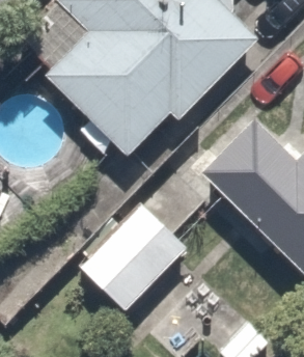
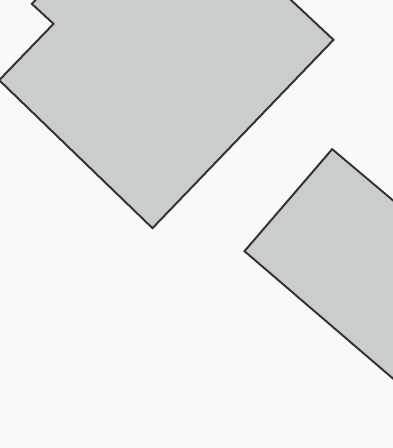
building: [61,211,175,326] -> none

